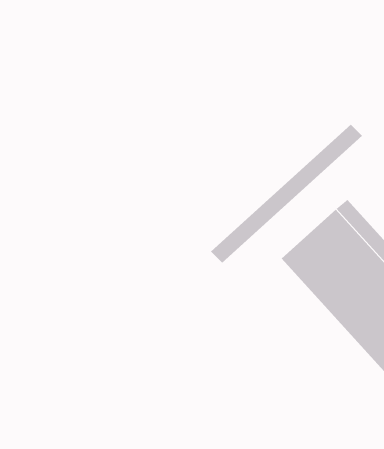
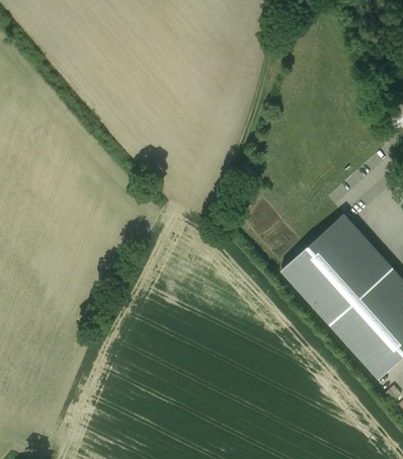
building: [210,124,363,263] -> none

